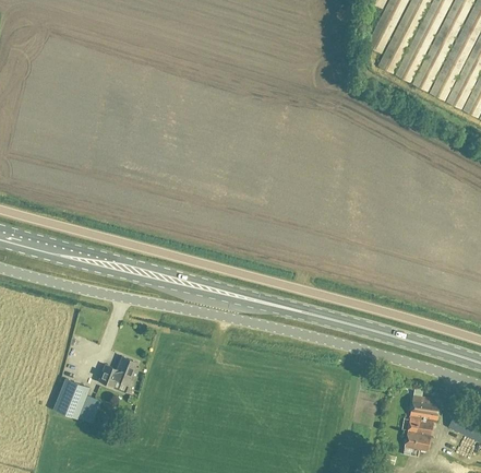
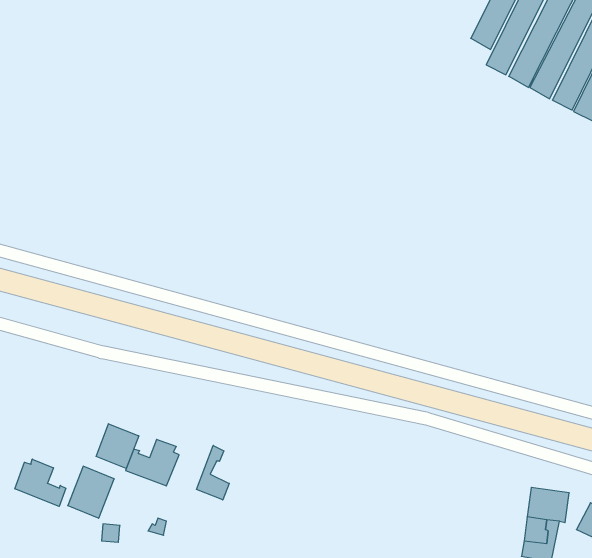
building: none -> [96,424,139,468]
building: none -> [197,445,229,500]
building: none -> [15,459,66,506]

